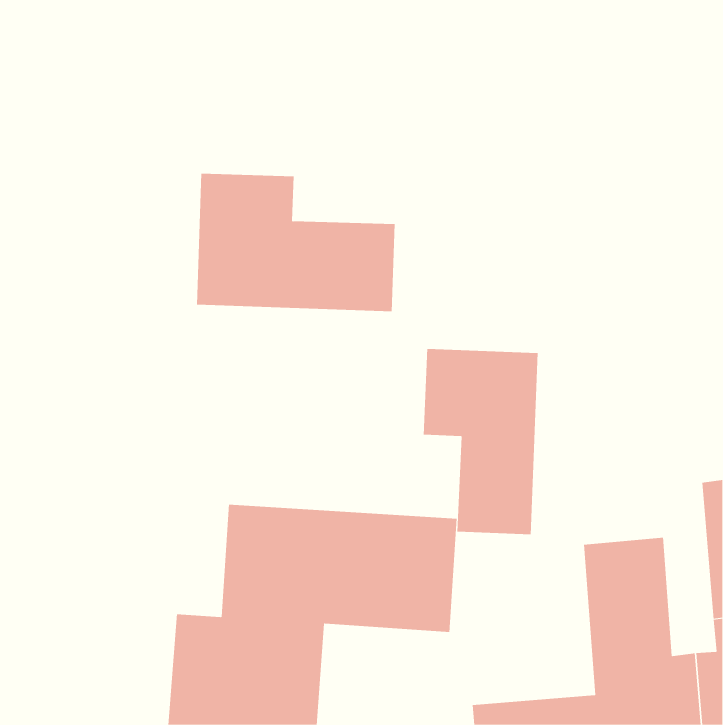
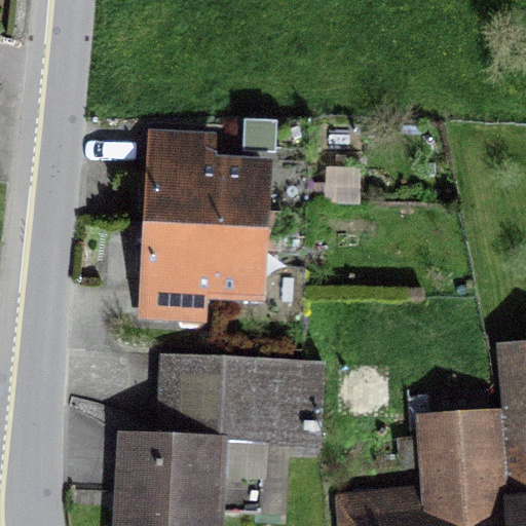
building: none -> [136,217,279,327]
building: [423,348,538,535] -> none

